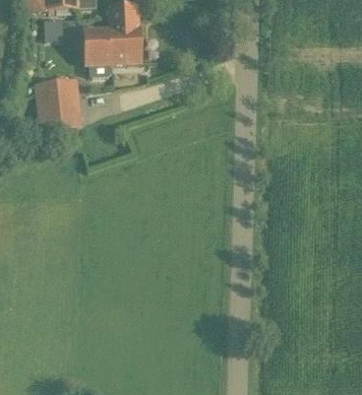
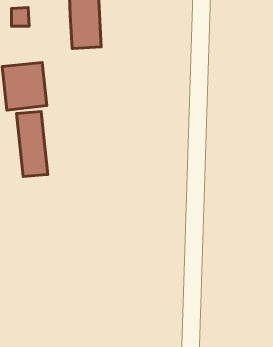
building: [83,26,112,76] -> none
building: none -> [17,111,48,177]

